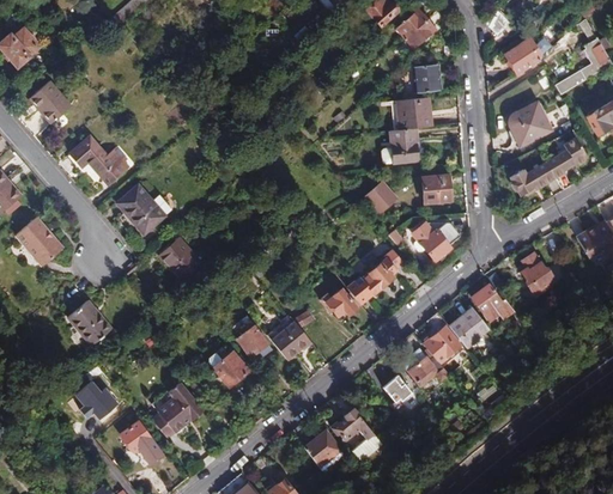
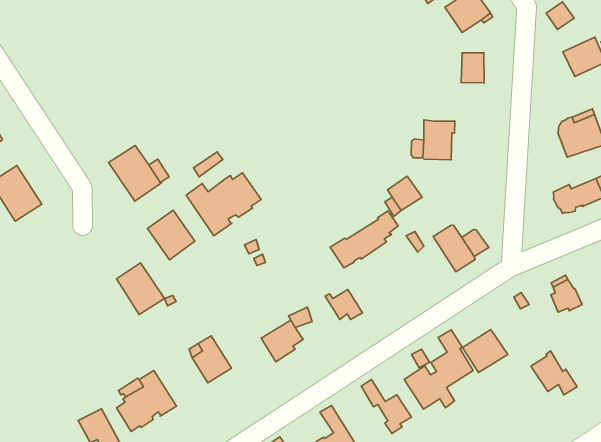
building: [28,81,71,124] -> none
building: [396,97,432,130] -> none
building: [68,134,129,187] -> none
building: [421,175,451,202] -> none
building: none -> [186,173,261,236]
building: [345,249,402,304] -> [330,211,398,268]
building: [473,283,516,321] -> [531,351,577,395]
building: [67,300,111,346] -> [117,263,164,314]
building: [235,325,271,358] -> none
building: [74,379,117,422] -> none

